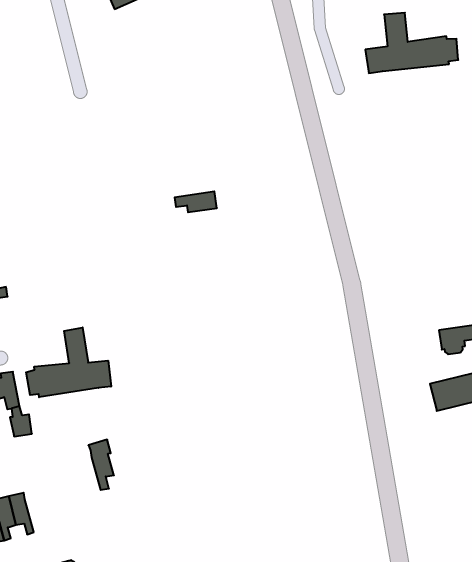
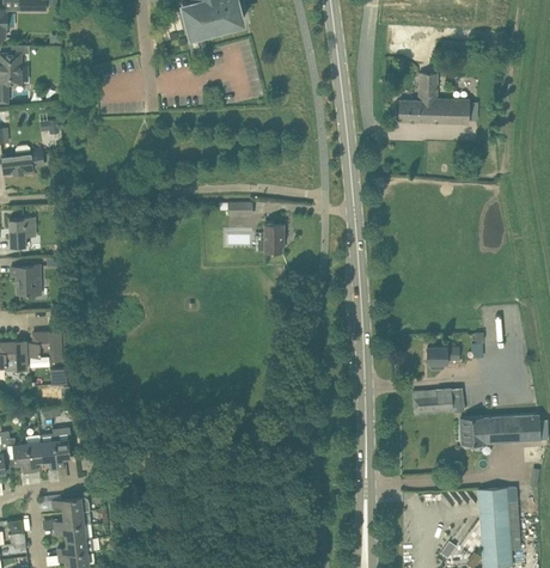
building: none -> [263,224,281,252]
building: [26,327,111,397] -> none
building: [88,440,114,490] -> [51,427,69,469]

